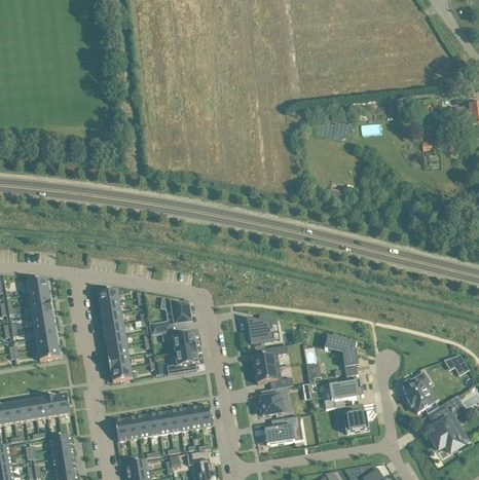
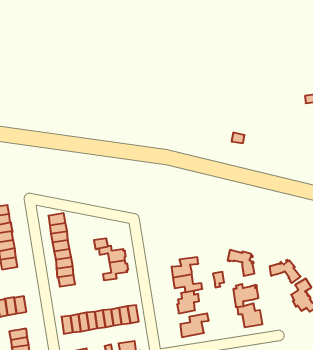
building: [160,297,190,323] -> none
building: [246,312,277,342] -> none
building: none -> [270,260,301,283]

